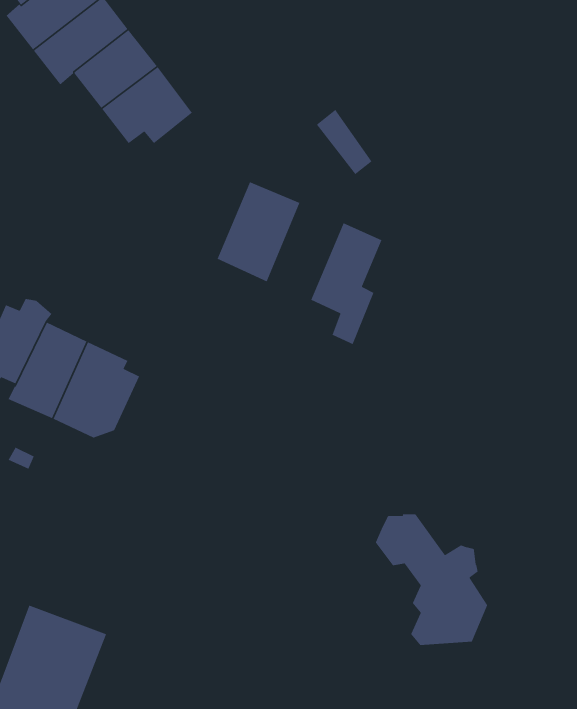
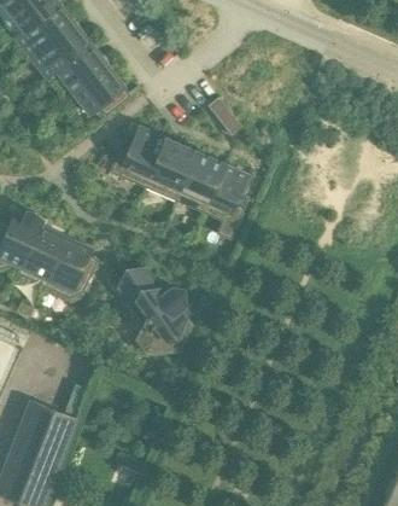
building: none -> [111,127,168,187]
building: none -> [178,152,226,213]
building: [375,513,488,646] -> [122,269,192,351]

